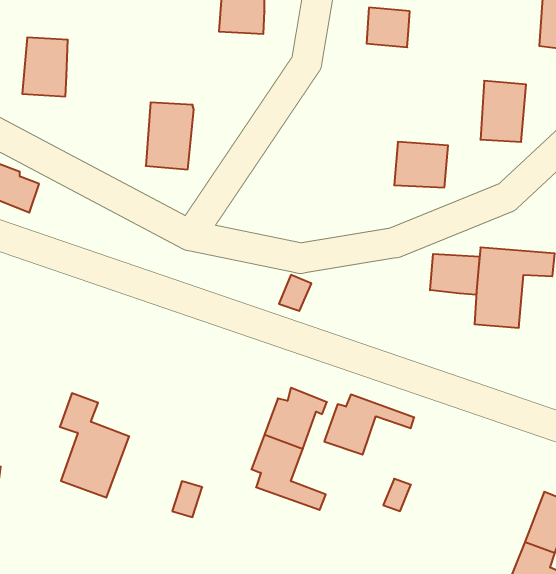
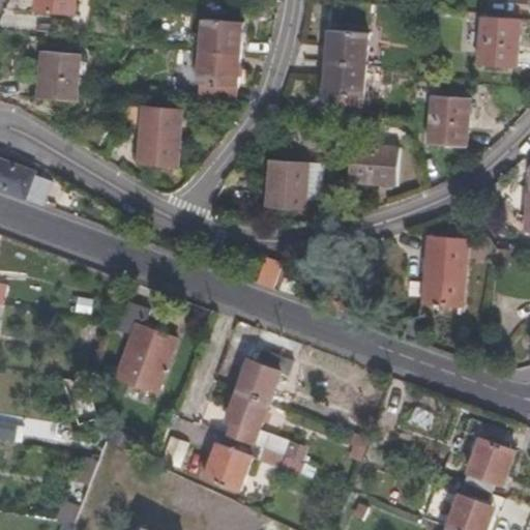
building: none -> [197,48,238,96]
building: none -> [324,58,362,100]
building: none -> [253,155,308,207]
building: [430,254,479,295] -> none
building: [60,393,129,498] -> [118,306,178,396]
building: [324,395,414,455] -> [209,441,287,493]

